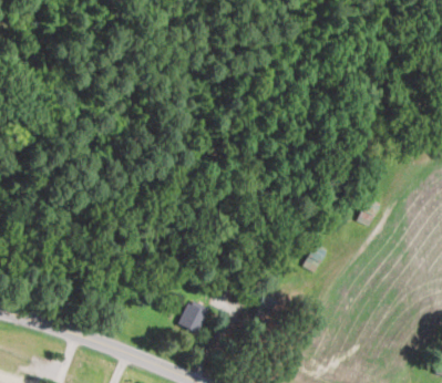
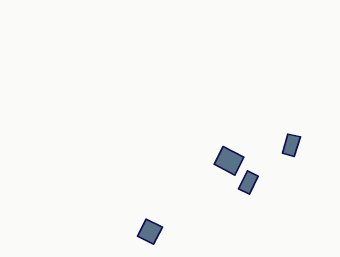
building: none -> [214,146,244,175]

